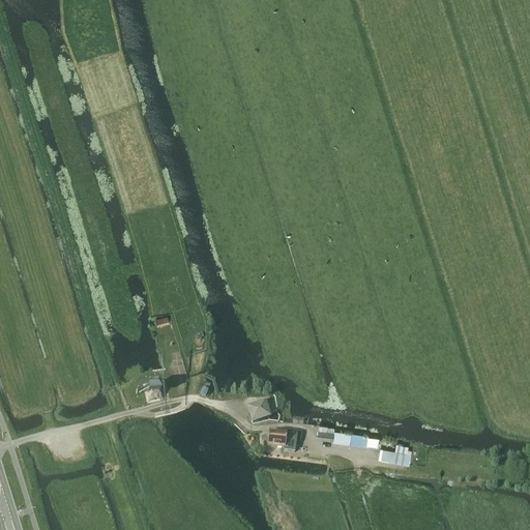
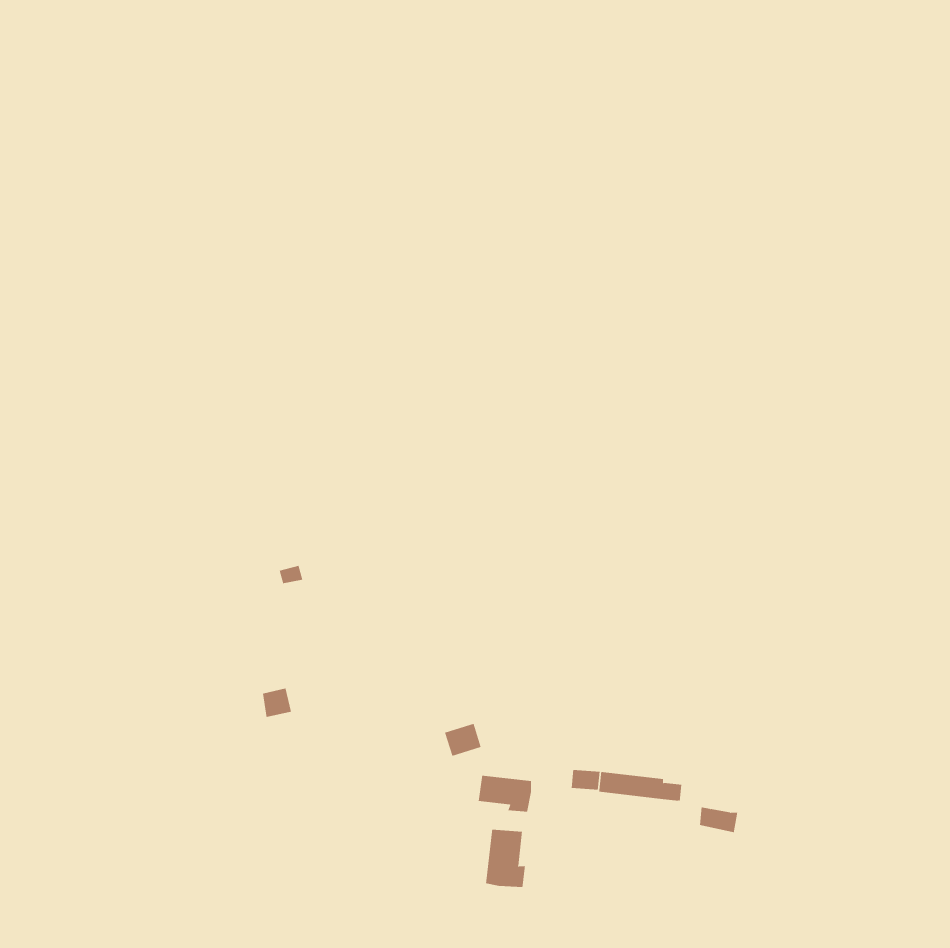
building: none -> [486,829,526,888]

